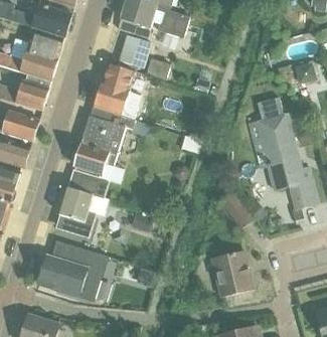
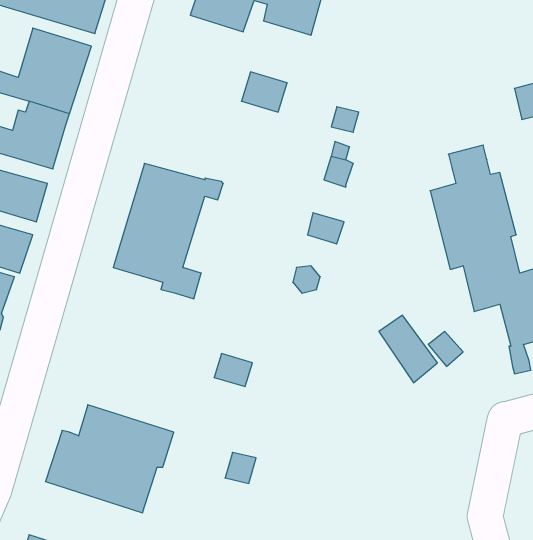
building: [119,35,150,67] -> none
building: [92,63,140,119] -> none
building: [59,169,109,237] -> none
building: [211,250,253,297] -> none

